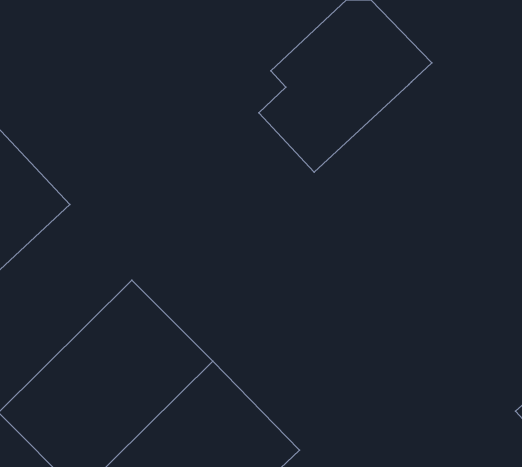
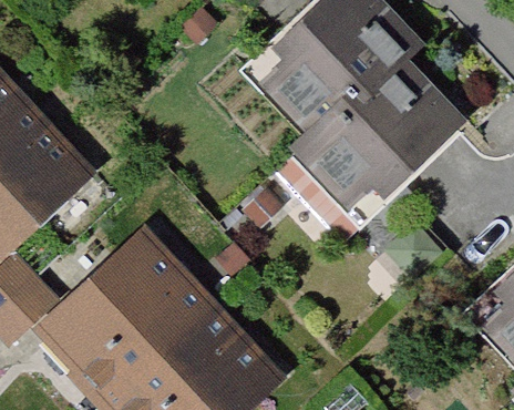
building: none -> [271,68,441,224]

